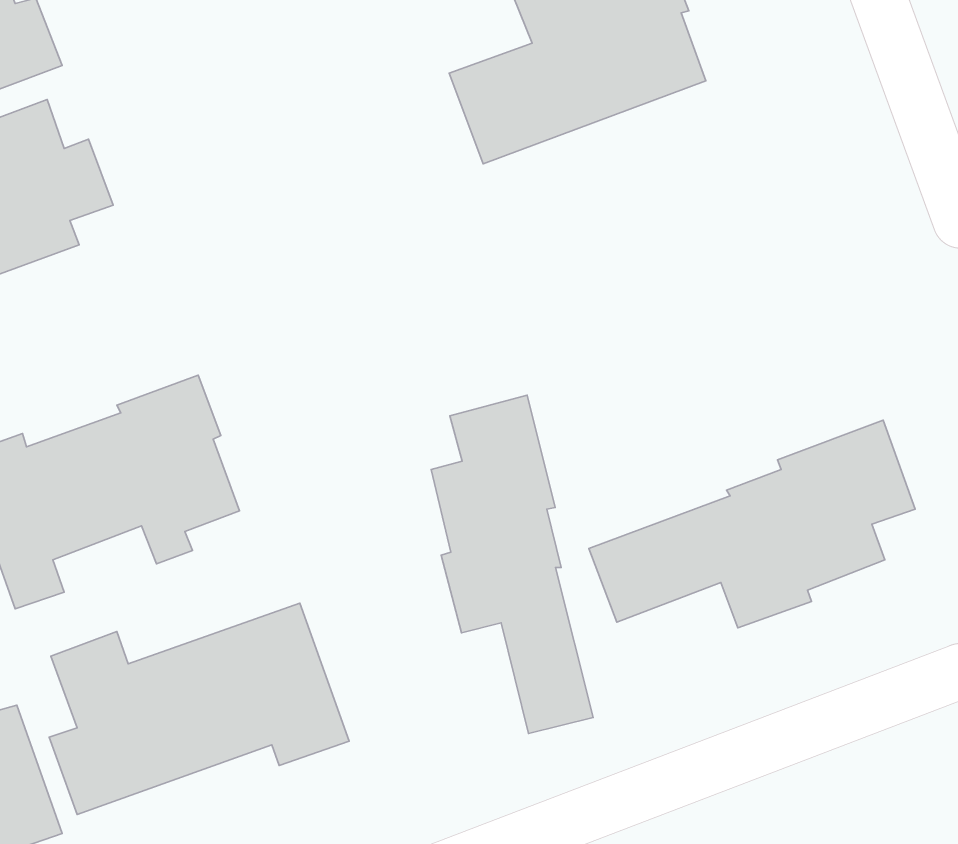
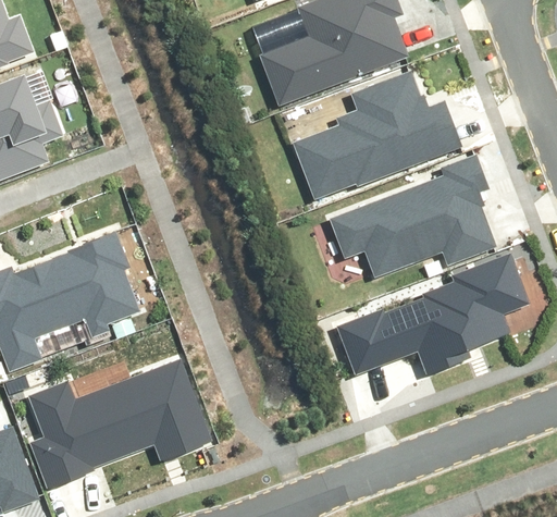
building: none -> [289,74,459,205]
building: none -> [332,158,495,276]
building: [431,395,593,733] -> none

